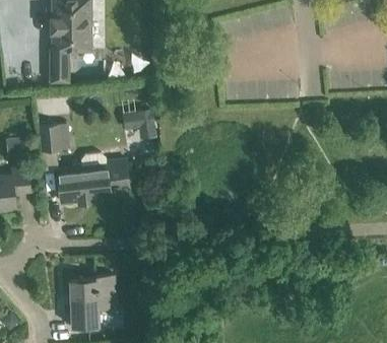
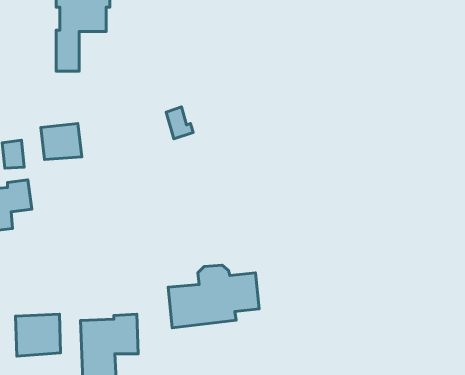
building: [57,154,129,204] -> [168,265,259,328]
building: none -> [15,314,60,356]

